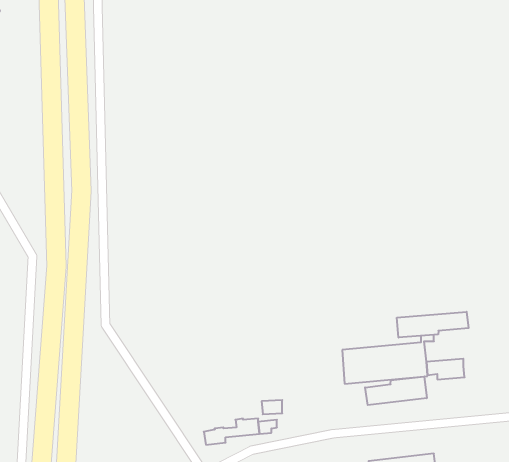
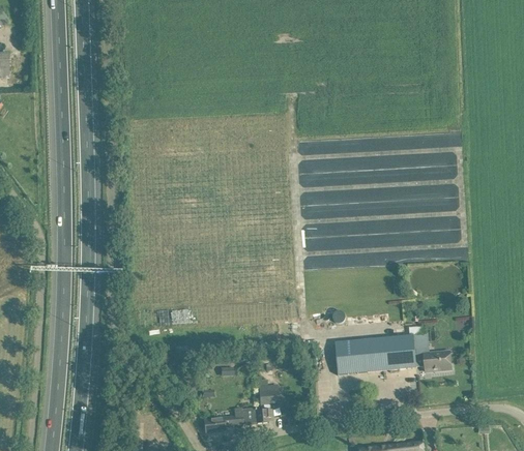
building: [397,312,469,338] -> none
building: [365,376,427,405] -> none

